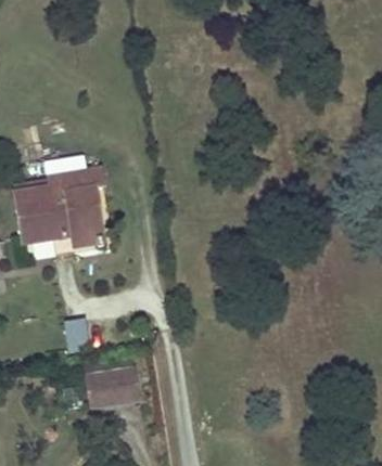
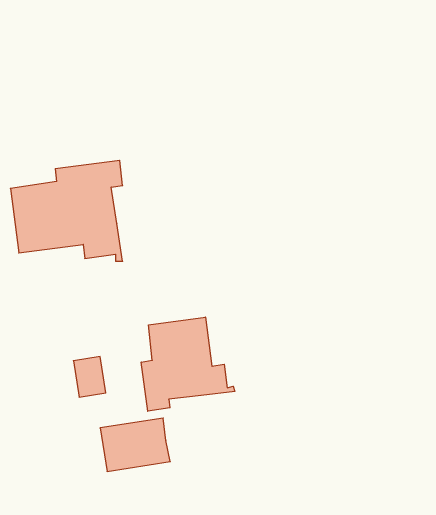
building: none -> [141,317,235,411]

